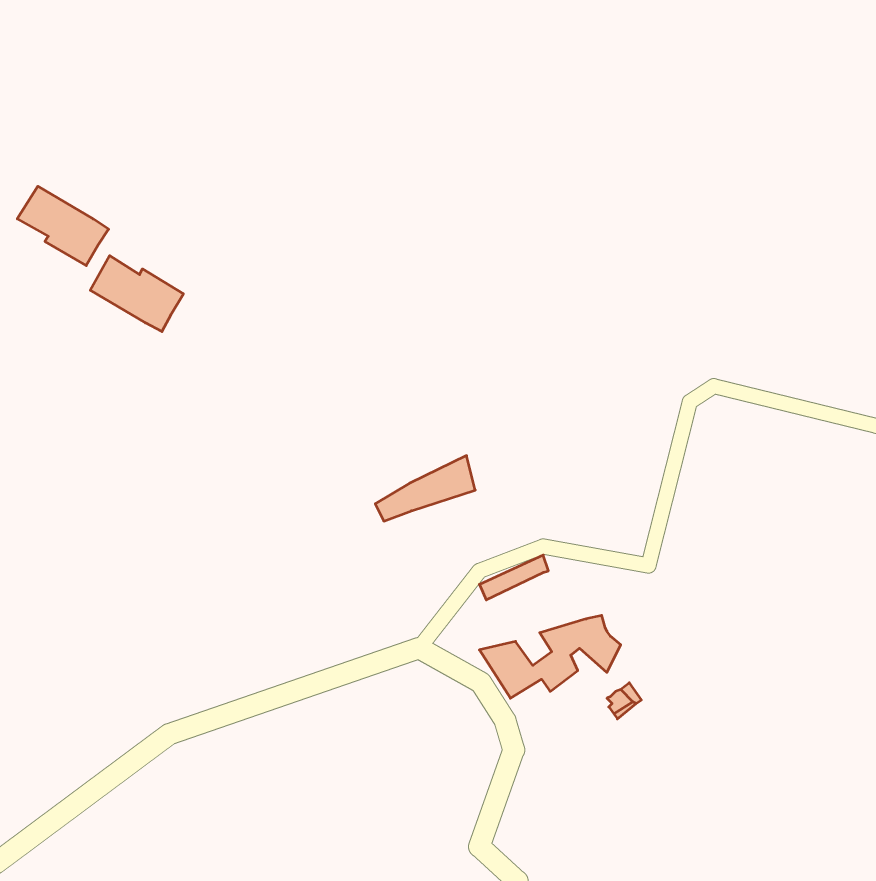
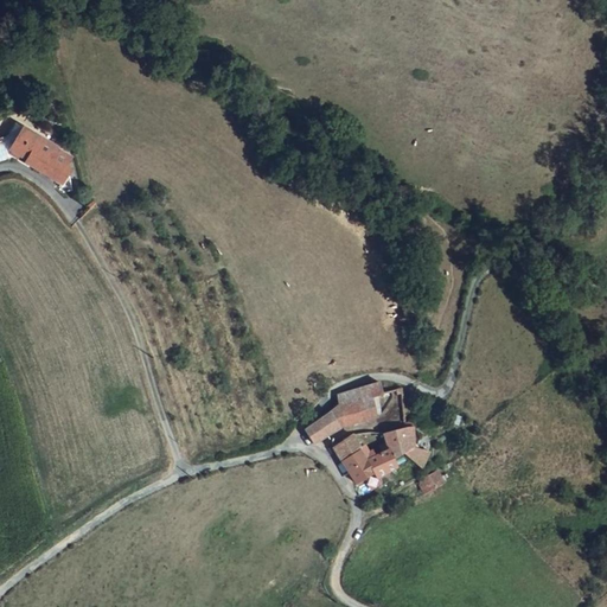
building: [90,256,183,332] -> none
building: [375,456,475,521] -> [311,394,379,439]

